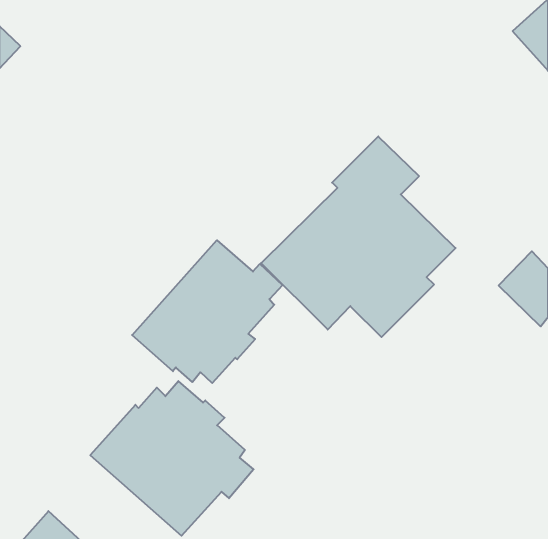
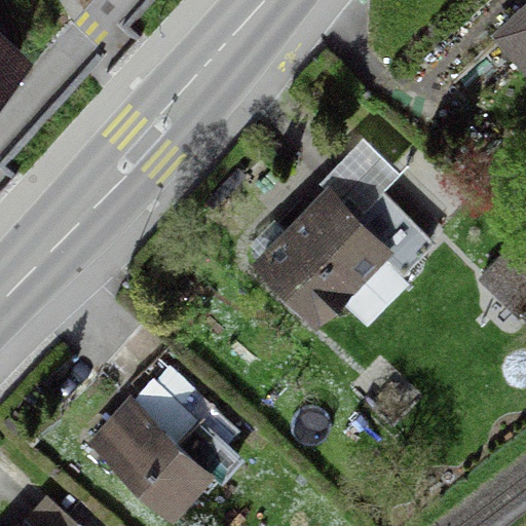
building: [132,240,282,383] -> none

